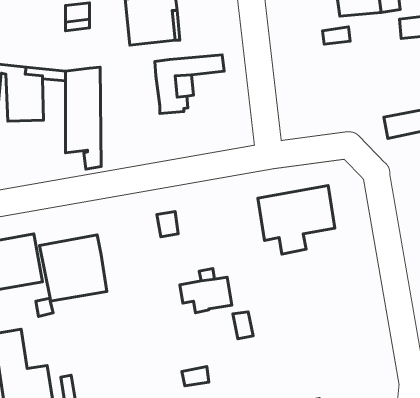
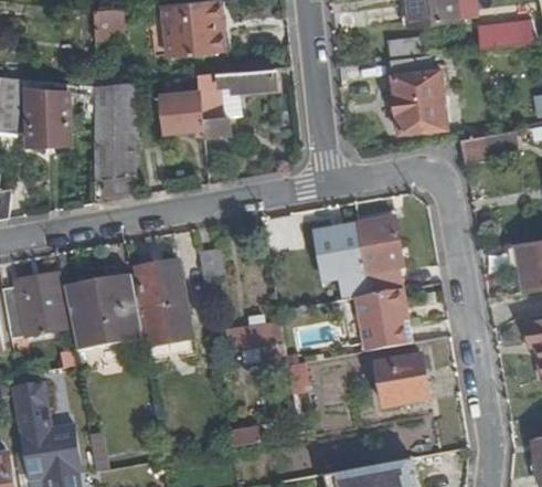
building: none -> [390,55,446,133]
building: none -> [161,92,202,130]
building: none -> [135,261,191,345]
building: none -> [355,288,406,351]
building: none -> [376,356,429,406]

